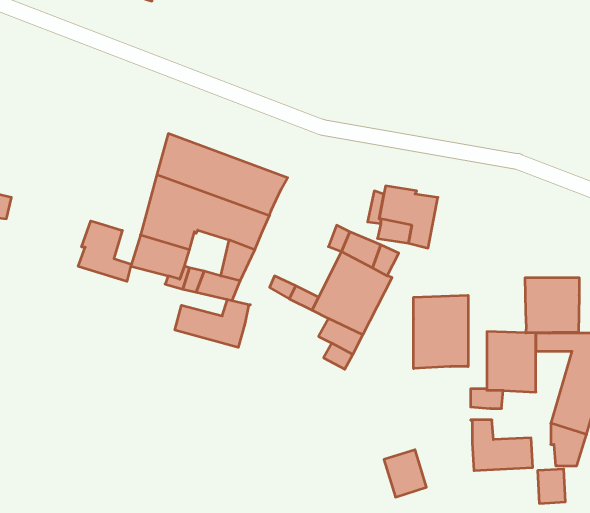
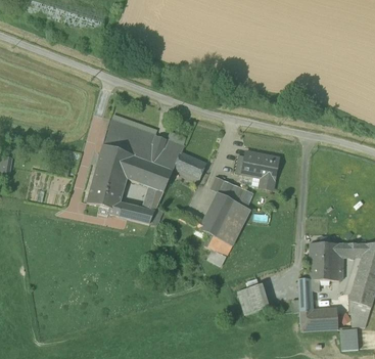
building: none -> [175,152,206,178]
building: [78,221,131,281] -> none
building: [525,278,579,333] -> none
building: [414,295,468,369] -> none
building: [175,299,250,347] -> none
building: [384,450,426,497] -> [239,283,266,313]

